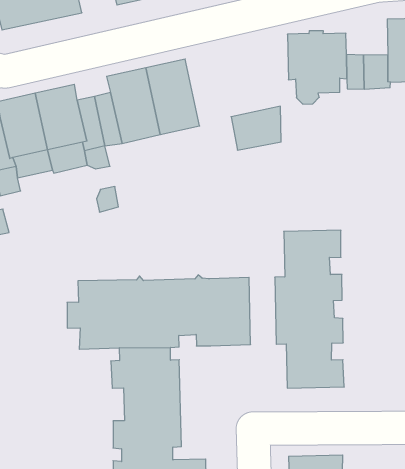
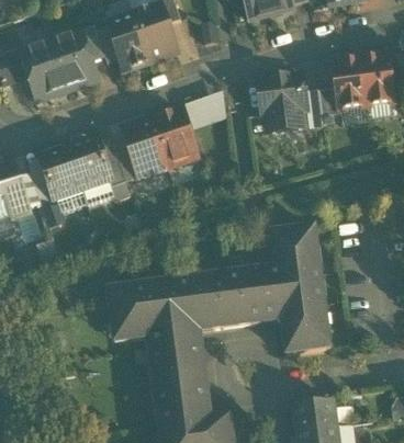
building: [231,106,281,150] -> [186,91,226,128]
building: none -> [248,269,274,322]

